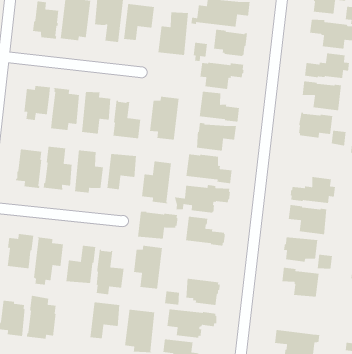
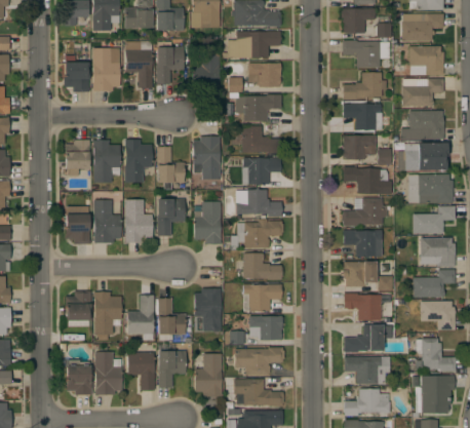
building: none -> [344,166,392,194]
building: [137,211,178,239] -> [244,284,283,312]
building: none -> [127,353,155,391]
building: none -> [345,325,392,353]

